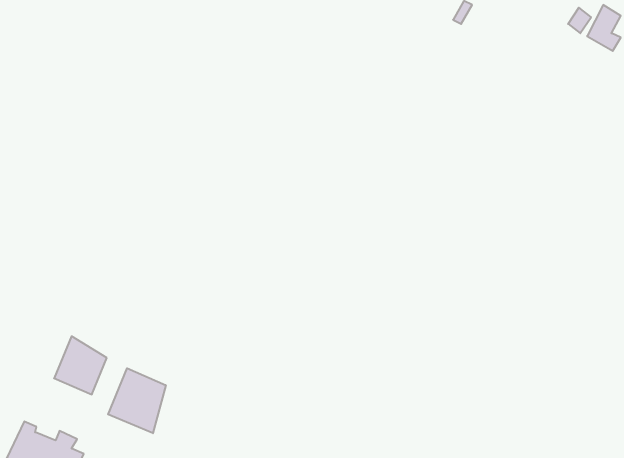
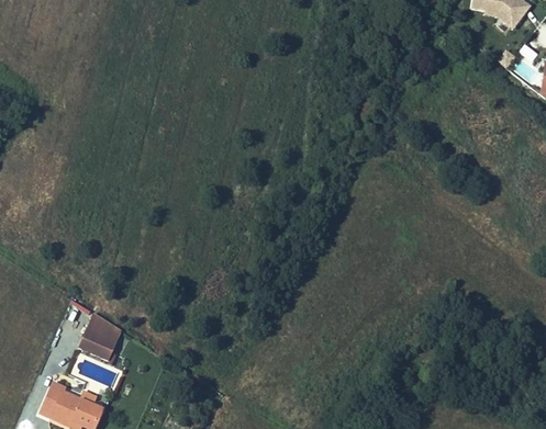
building: [108,368,166,433] -> none

